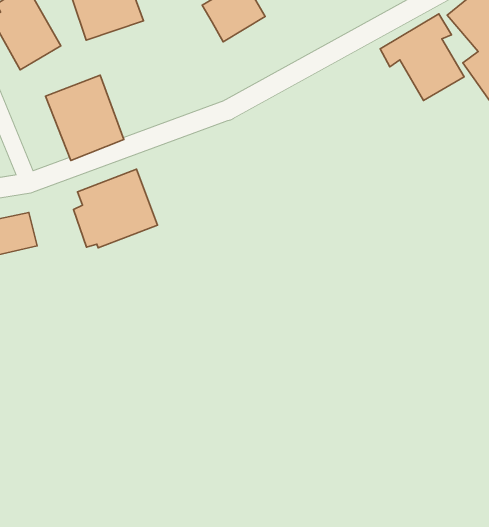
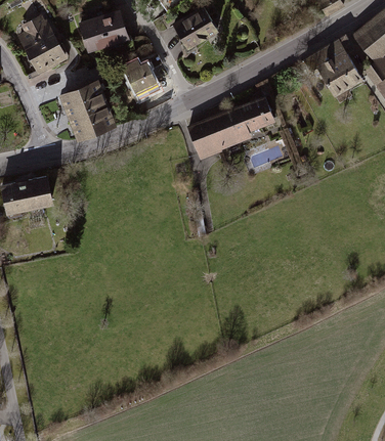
building: none -> [122,58,157,92]
building: none -> [186,94,276,159]
building: [74,169,157,248] -> none

